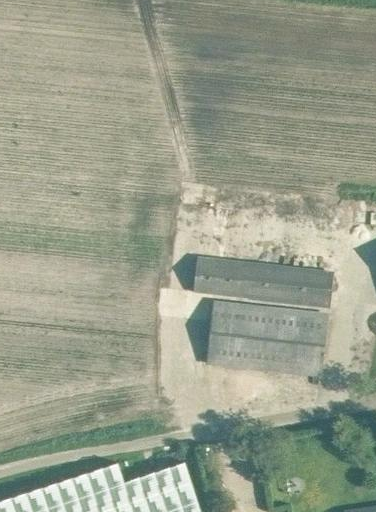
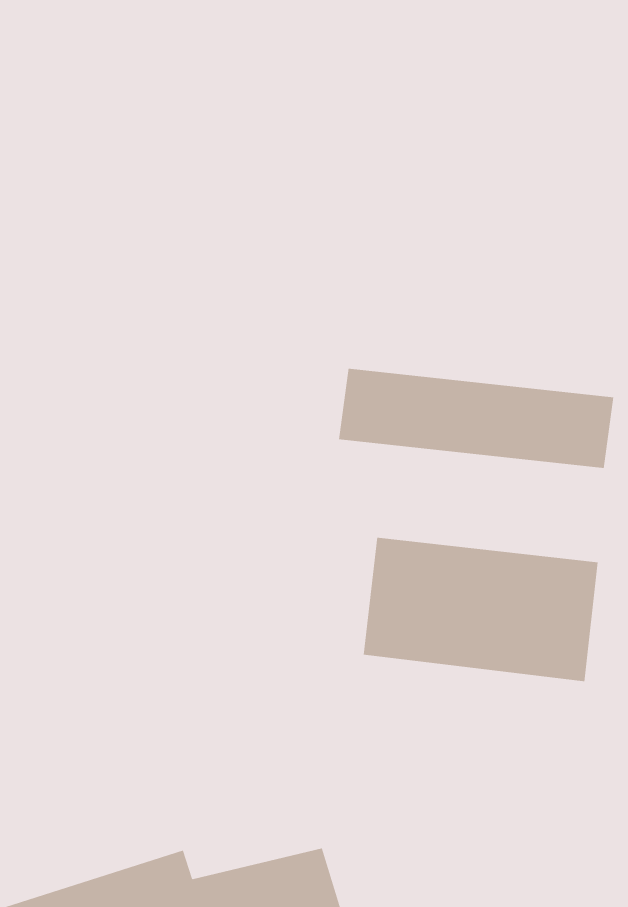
building: [191,258,334,310] -> [338,368,614,469]

